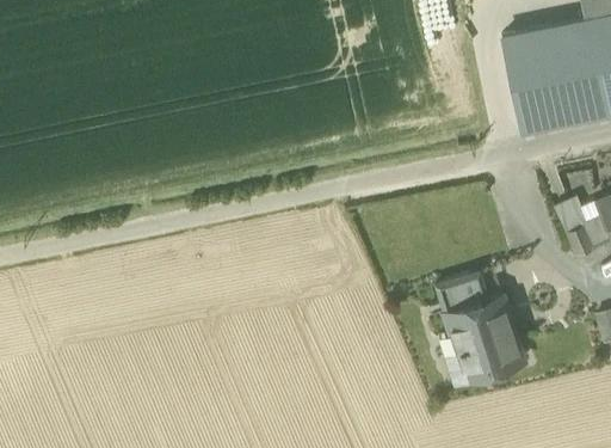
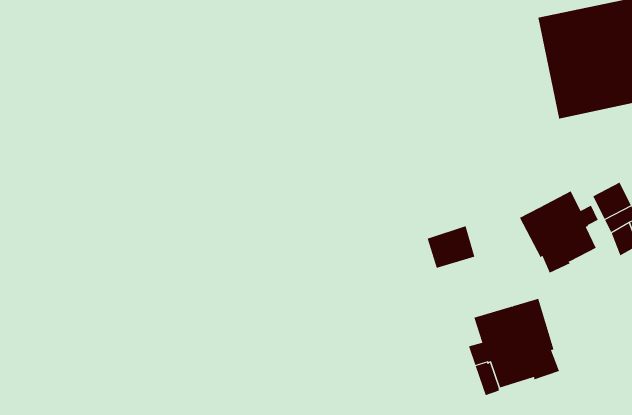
building: none -> [519,191,599,274]
building: [438,276,482,315] -> [427,226,475,269]

